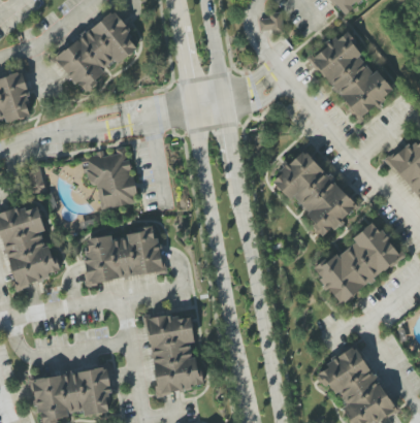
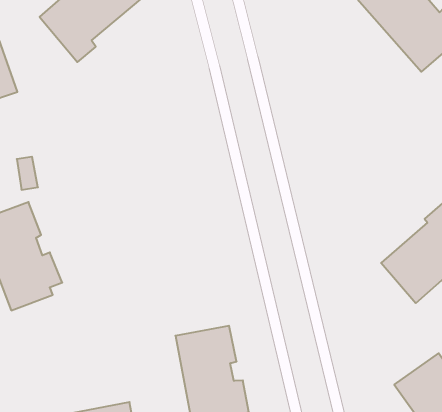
building: [83,147,137,209] -> none
building: [271,150,356,234] -> none
building: [82,226,164,283] -> none

